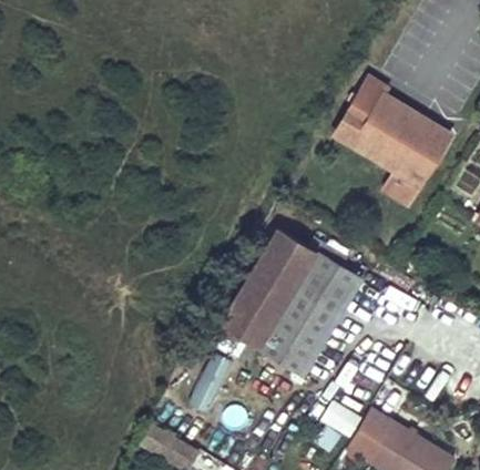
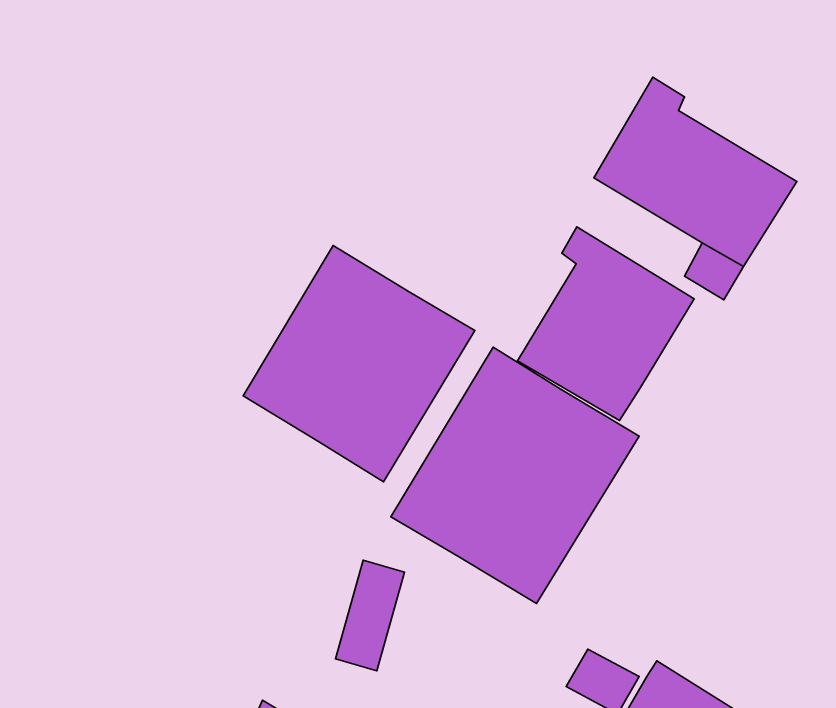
building: none -> [517,227,694,420]
building: none -> [243,245,475,482]

